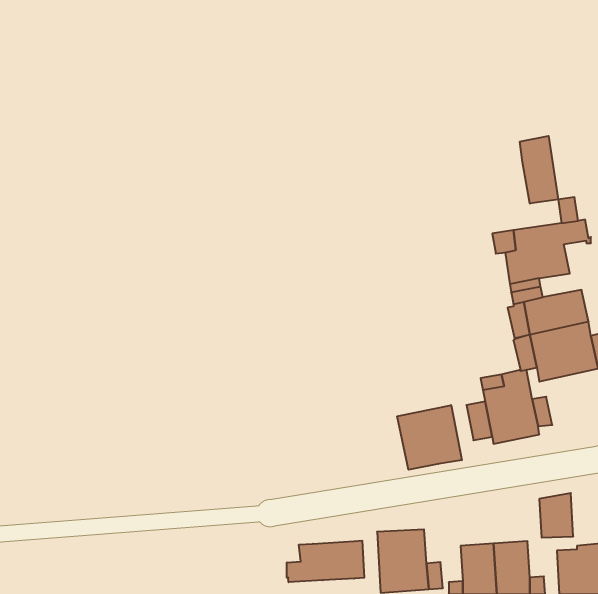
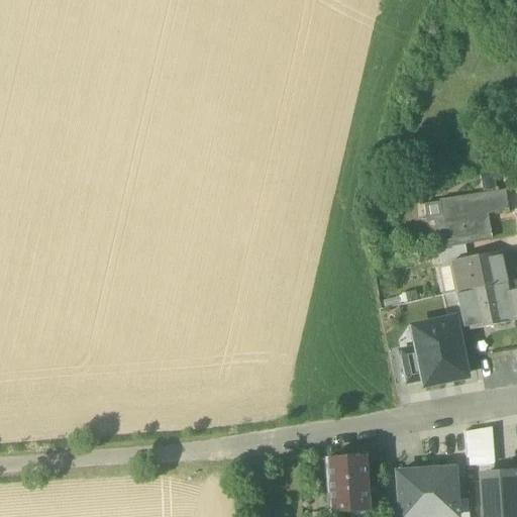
building: [520,136,558,204] -> none
building: [397,405,462,470] -> none
building: [287,541,364,582] -> none

